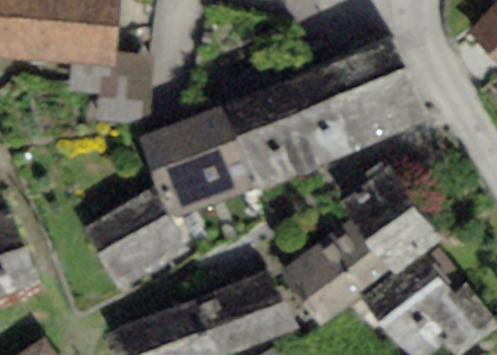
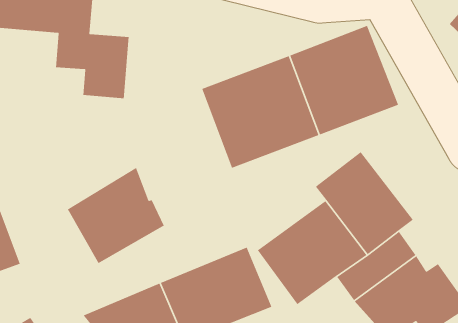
building: [136,108,253,223] -> none

